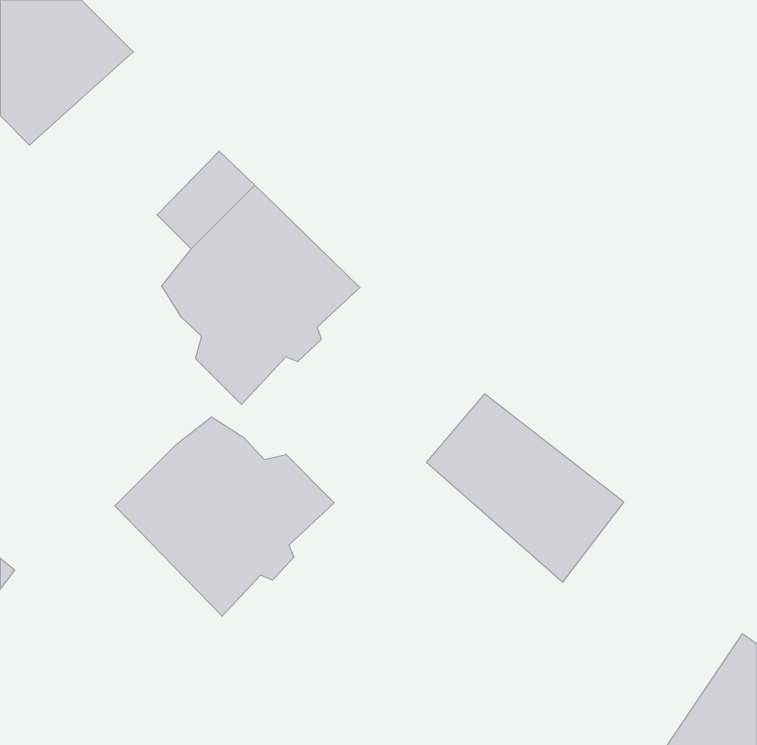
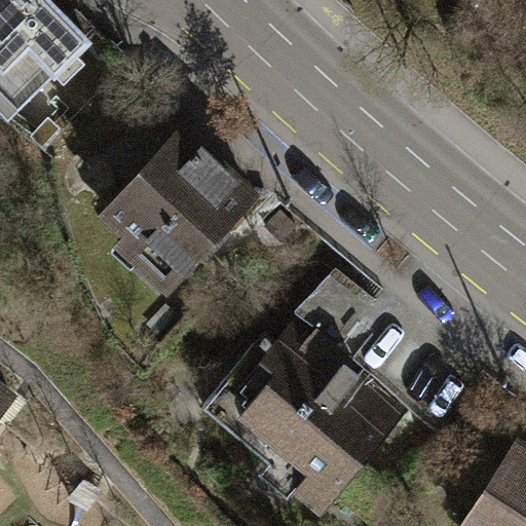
building: [115,417,334,616] -> none
building: none -> [202,329,390,506]

